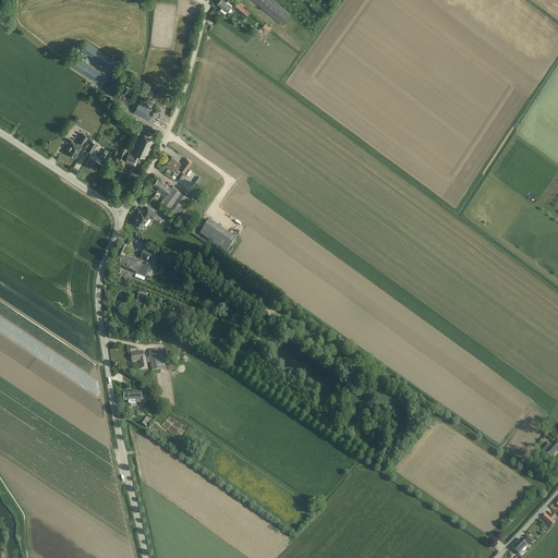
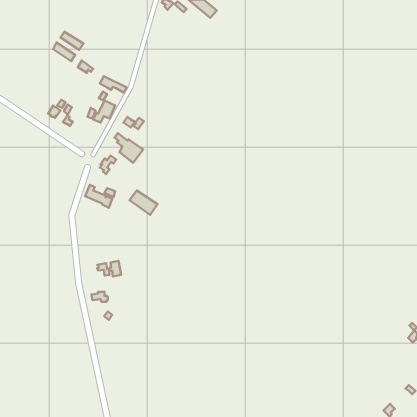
building: [198,219,235,252] -> [130,190,157,215]

